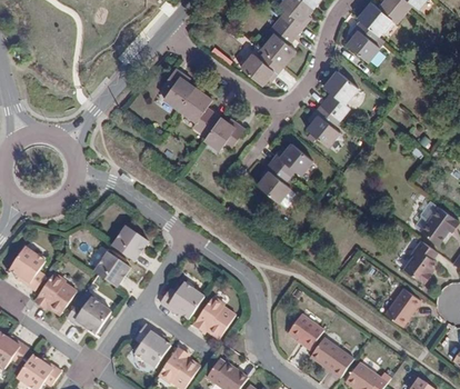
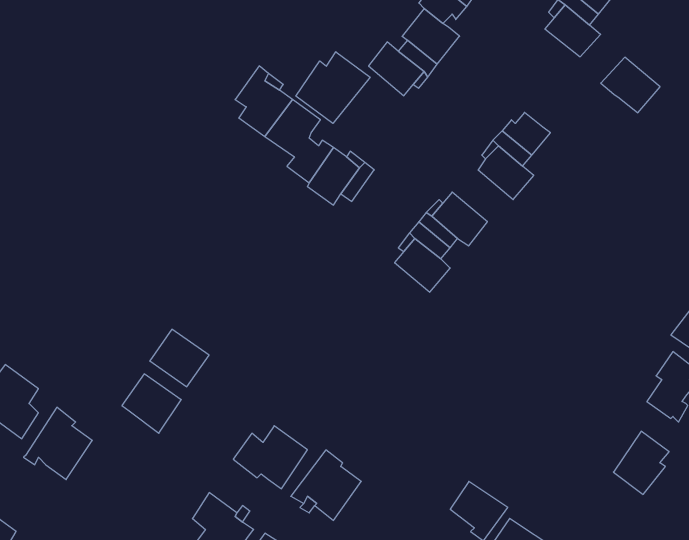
building: none -> [296,52,370,123]
building: [322,70,358,103] -> [601,57,660,113]
building: [66,298,109,333] -> none

